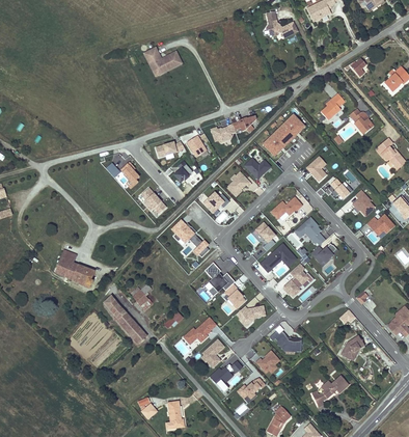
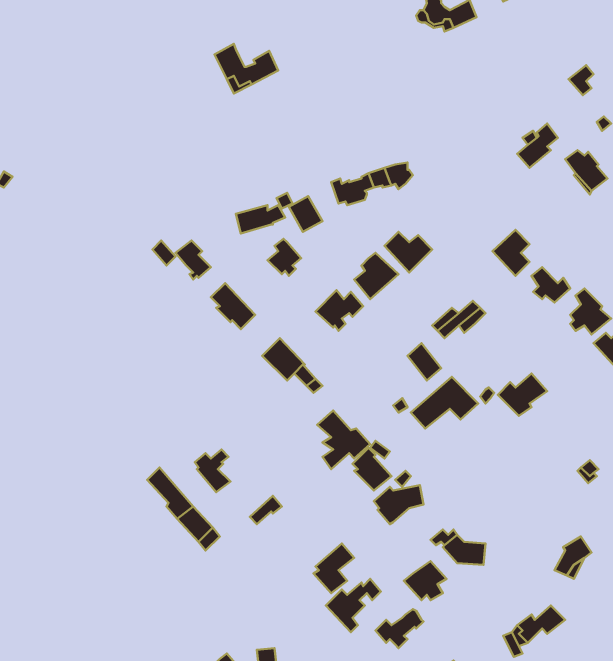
building: [264,114,306,157] -> none
building: [293,216,325,245] -> none
building: [55,250,94,289] -> none
building: [282,263,315,297] -> none
building: [183,317,218,345] -> none

